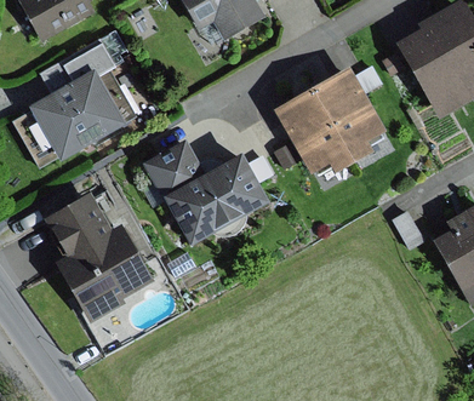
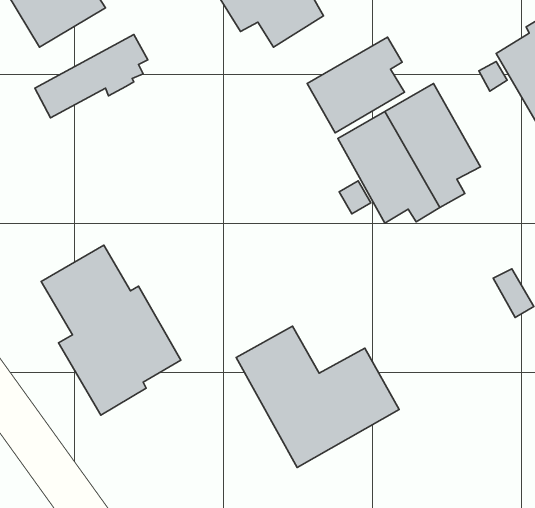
building: none -> [307,37,404,133]
building: [29,69,136,161] -> none
building: [142,137,268,246] -> [236,326,399,468]

